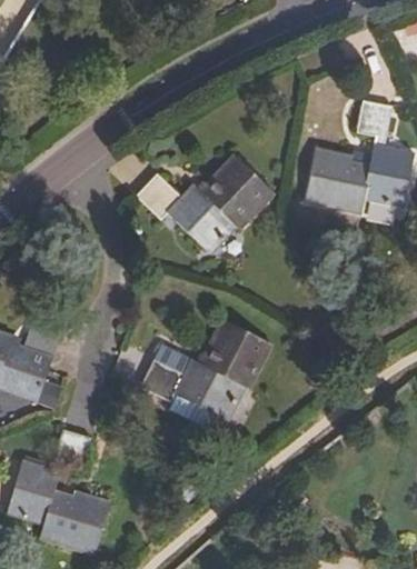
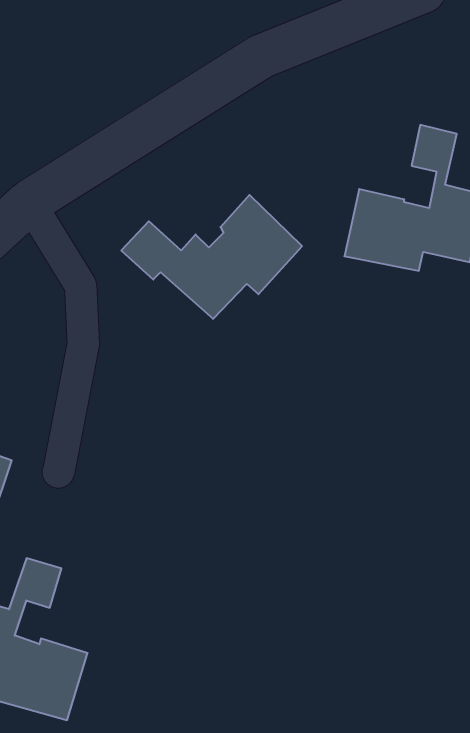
building: [141,319,270,418] -> none

